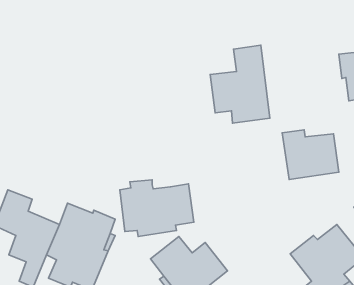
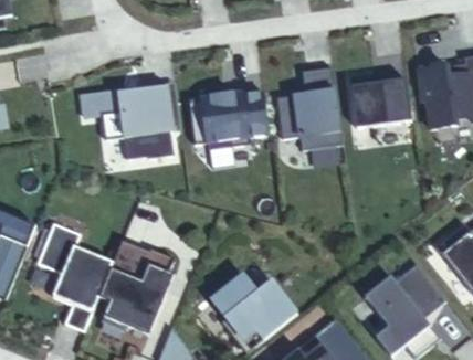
building: none -> [80,82,172,159]
building: [282,130,339,179] -> [348,74,410,128]
building: [120,180,194,236] -> [187,86,267,148]

